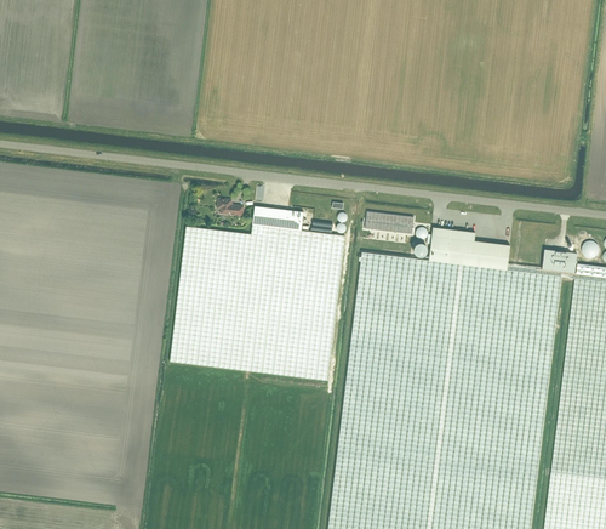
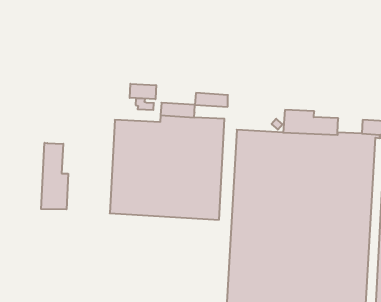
building: none -> [130,84,156,99]
building: [365,211,413,234] -> [195,93,228,107]
building: none -> [41,143,68,209]

